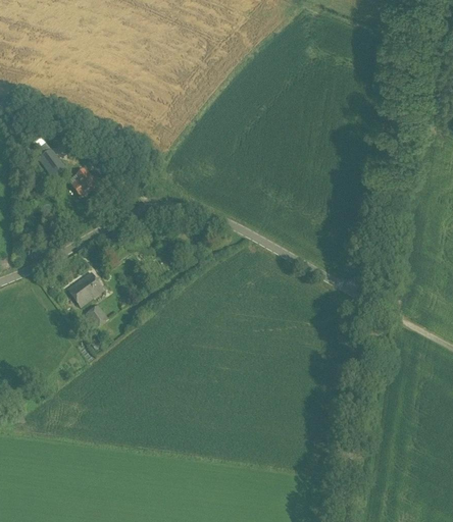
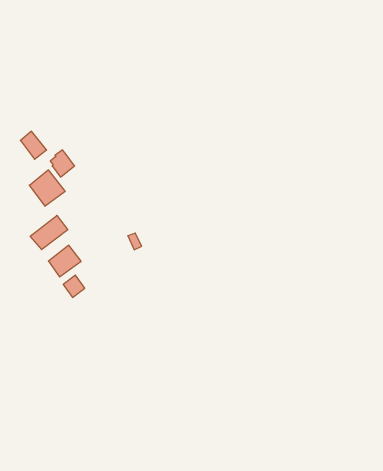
building: none -> [29,170,65,206]
building: none -> [30,215,68,250]

